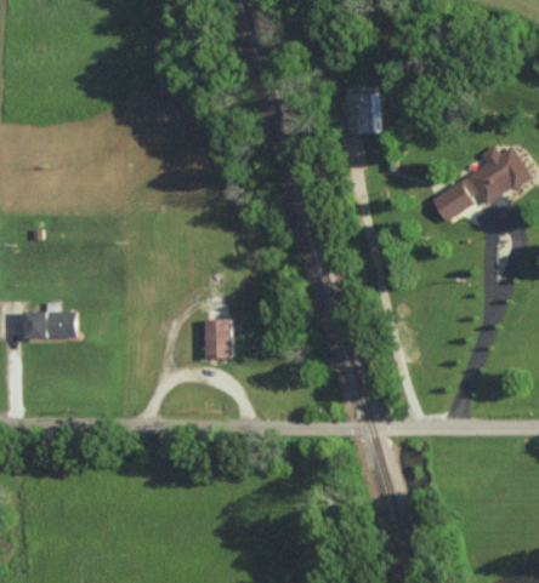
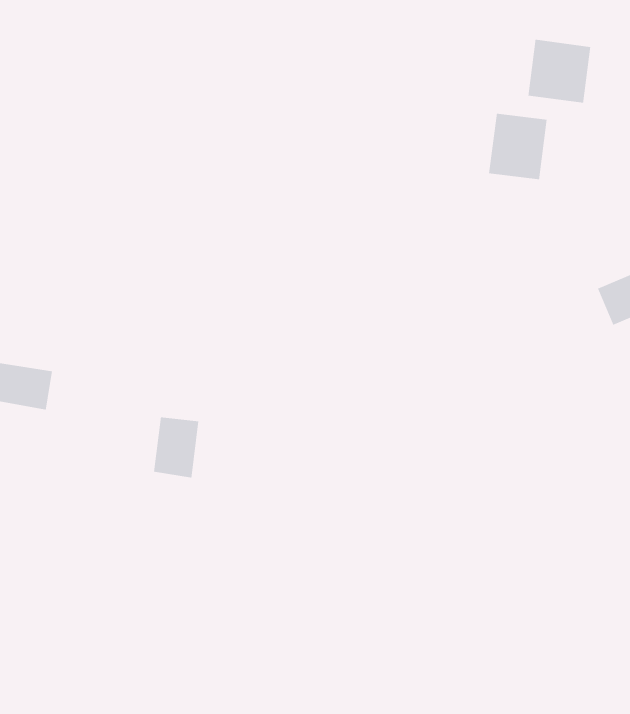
building: none -> [528,39,591,103]
building: [204,319,232,358] -> [153,417,199,478]

